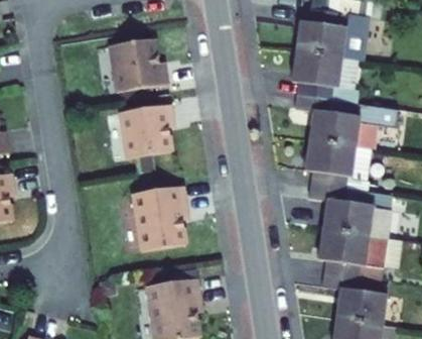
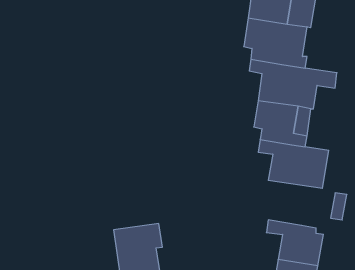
building: [112,39,169,92] -> none
building: [122,104,174,156] -> none
building: [133,184,188,247] -> none
building: [314,227,380,280] -> none

